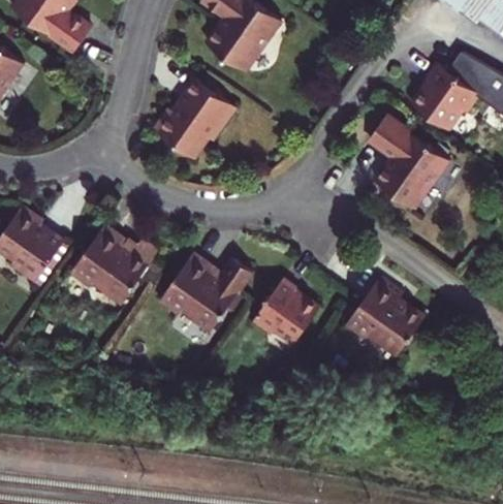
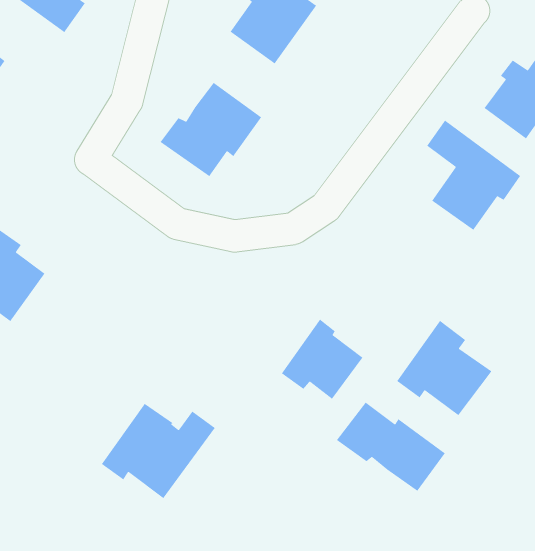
building: [66,224,157,304] -> none
building: [153,256,248,336] -> [101,403,216,499]
building: none -> [336,402,446,492]

